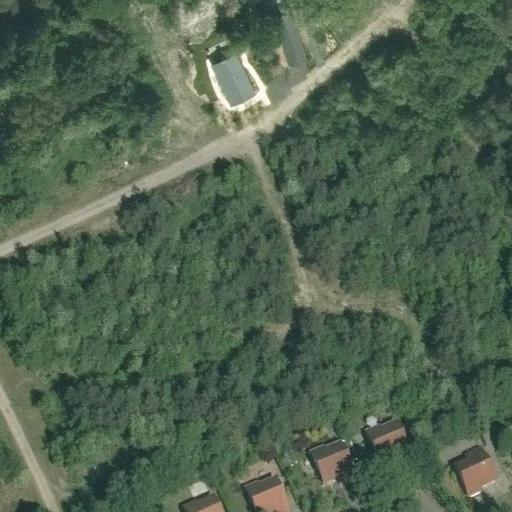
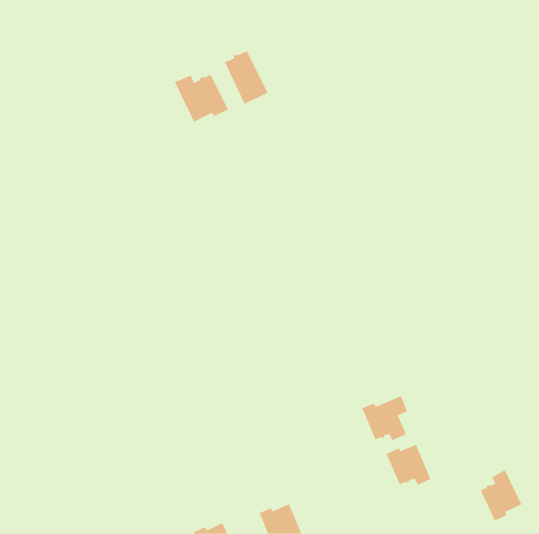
building: none -> [174,73,229,122]
building: [311,438,355,481] -> [361,396,408,441]

